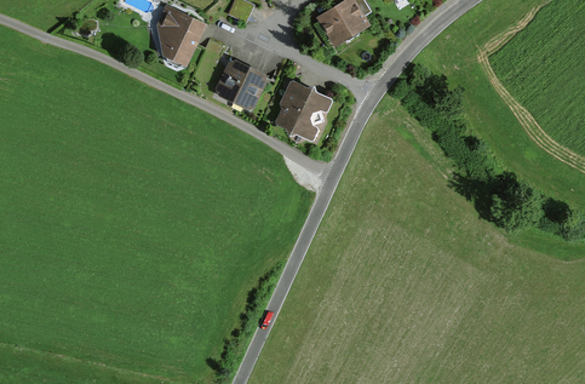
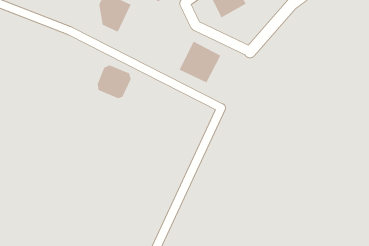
building: [216,62,265,110] -> [97,65,132,99]

